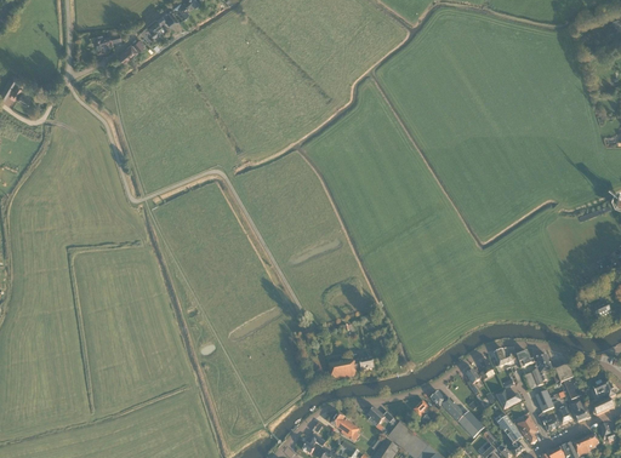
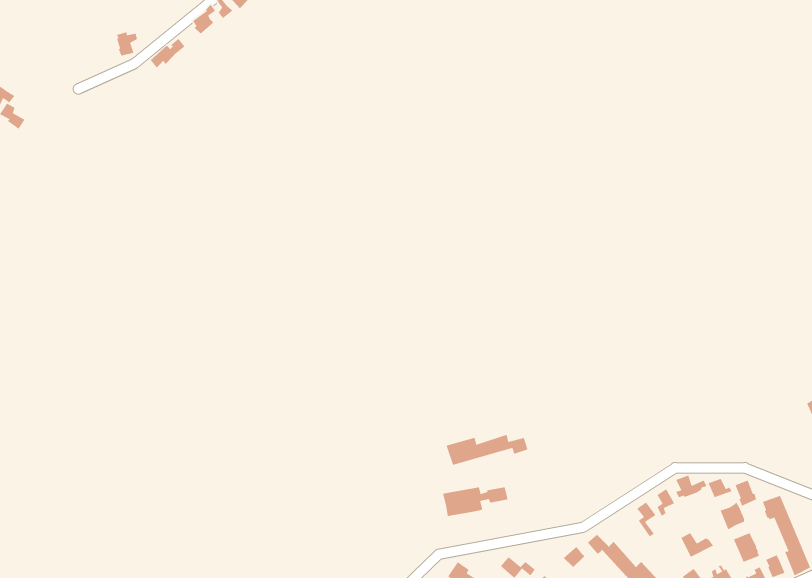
building: none -> [445,434,529,466]

